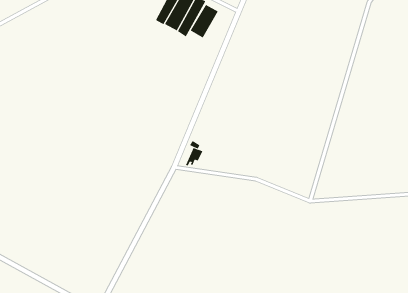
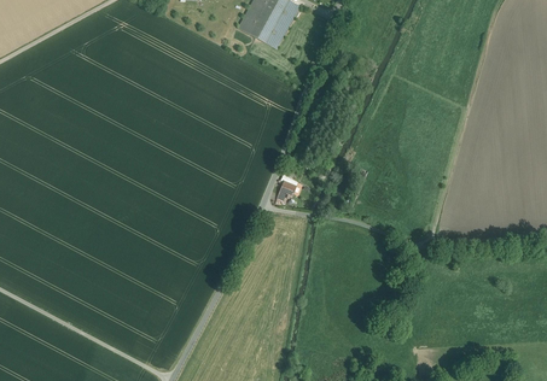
building: [190,4,218,38] -> none

